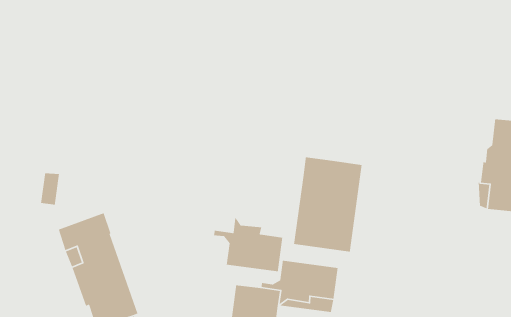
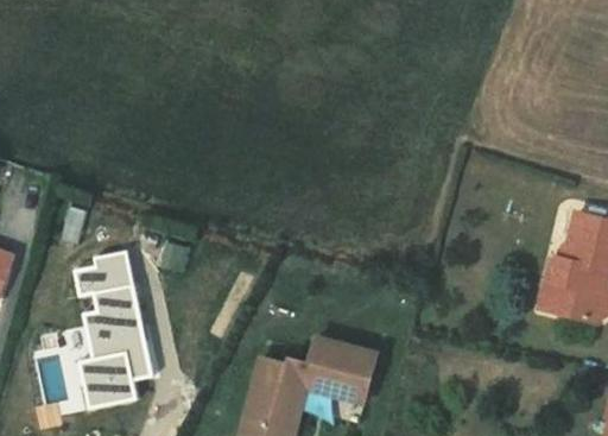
building: [293,156,362,253] -> none
building: [213,215,283,272] -> none

